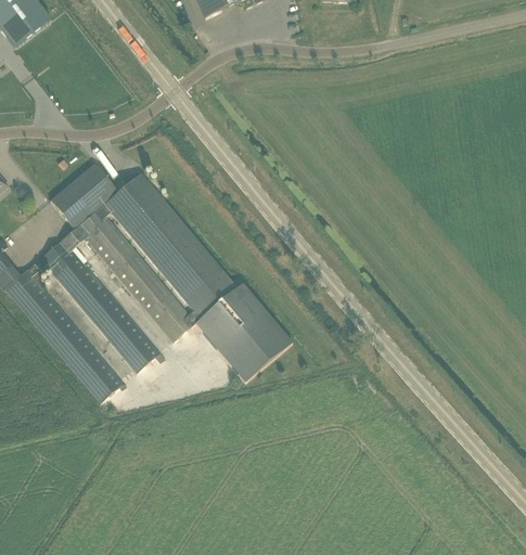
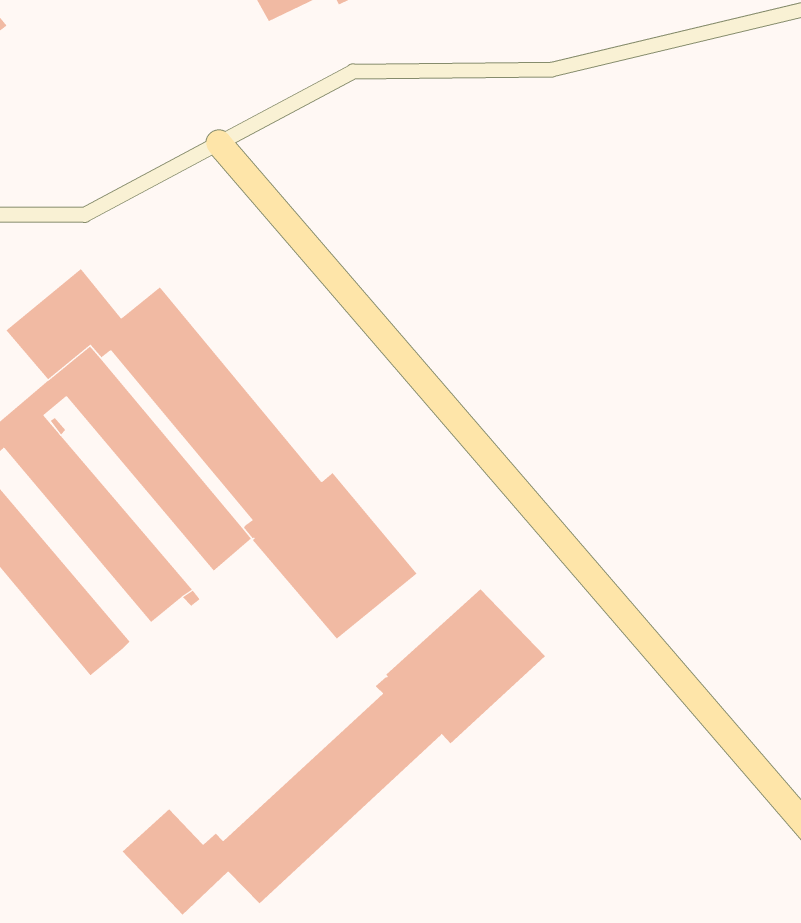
building: none -> [122,589,546,915]

